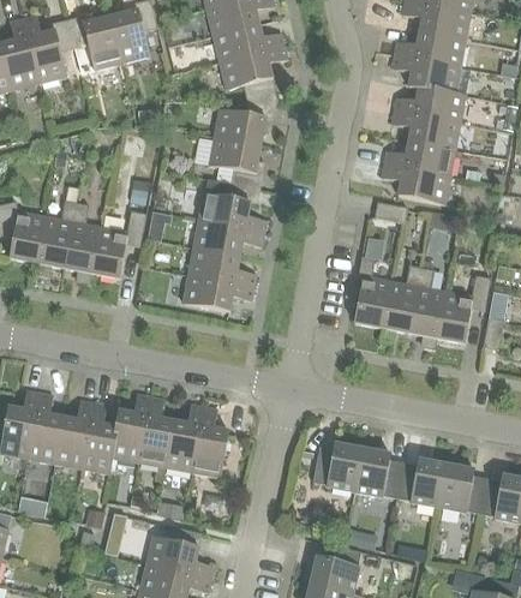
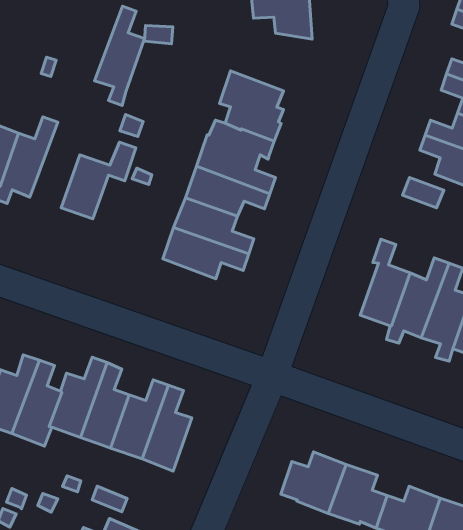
building: [214,98,277,145] -> none
building: [64,202,100,285] -> [94,6,145,106]

